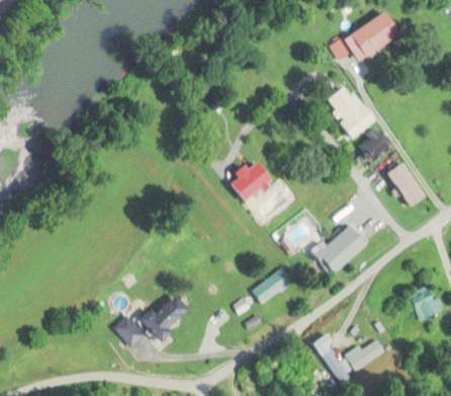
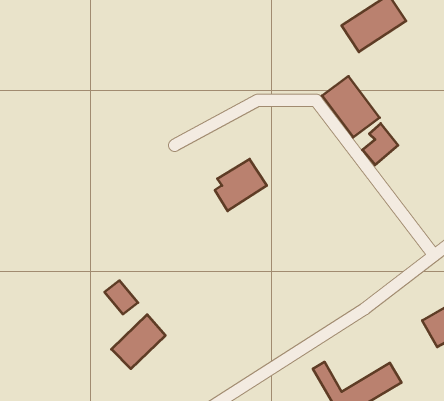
building: [384,161,424,206] -> none
building: [317,224,366,274] -> none
building: [255,268,297,303] -> none
building: [114,316,144,345] -> [105,281,138,314]

